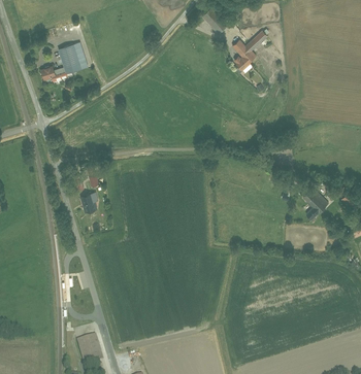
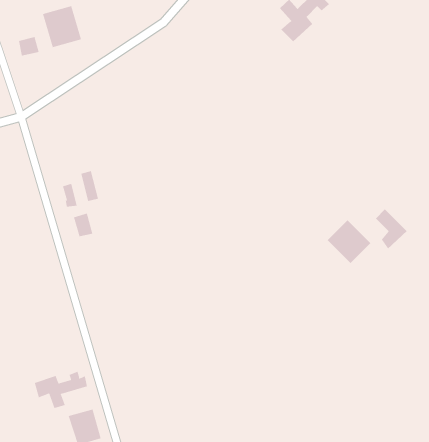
building: none -> [327,219,371,264]
building: none -> [34,371,88,409]

